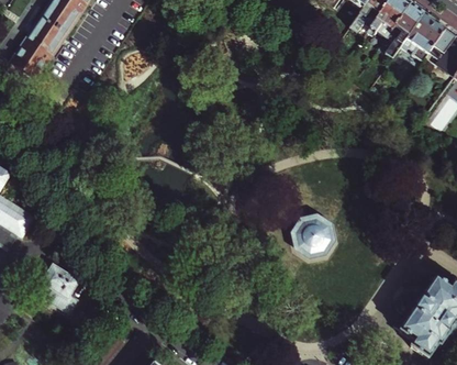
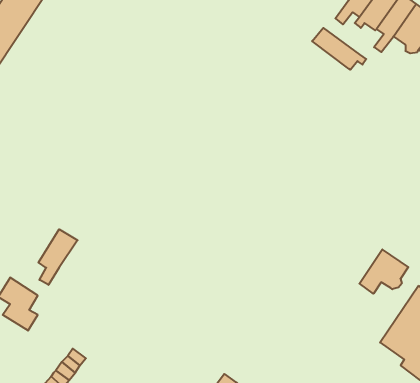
building: none -> [312,28,366,70]
building: none -> [38,229,78,285]
building: none -> [359,249,408,294]

